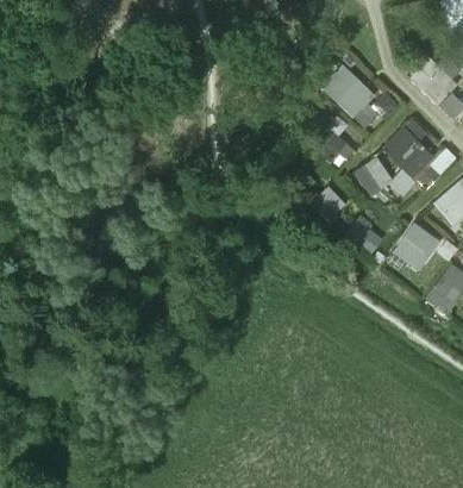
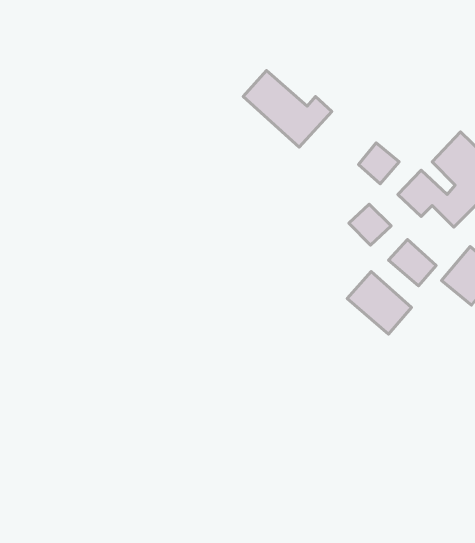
building: [321,65,399,132] -> [243,71,332,147]
building: none -> [347,271,411,334]

